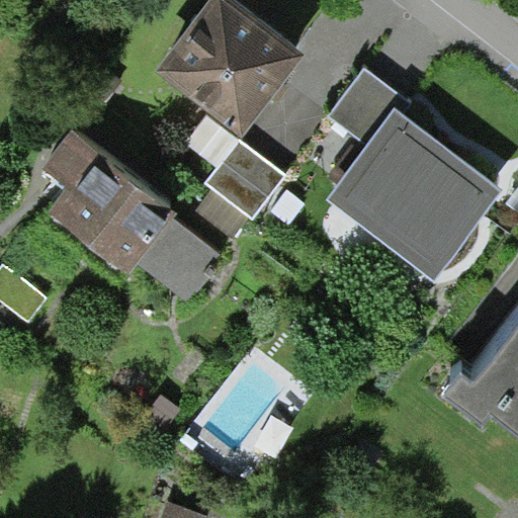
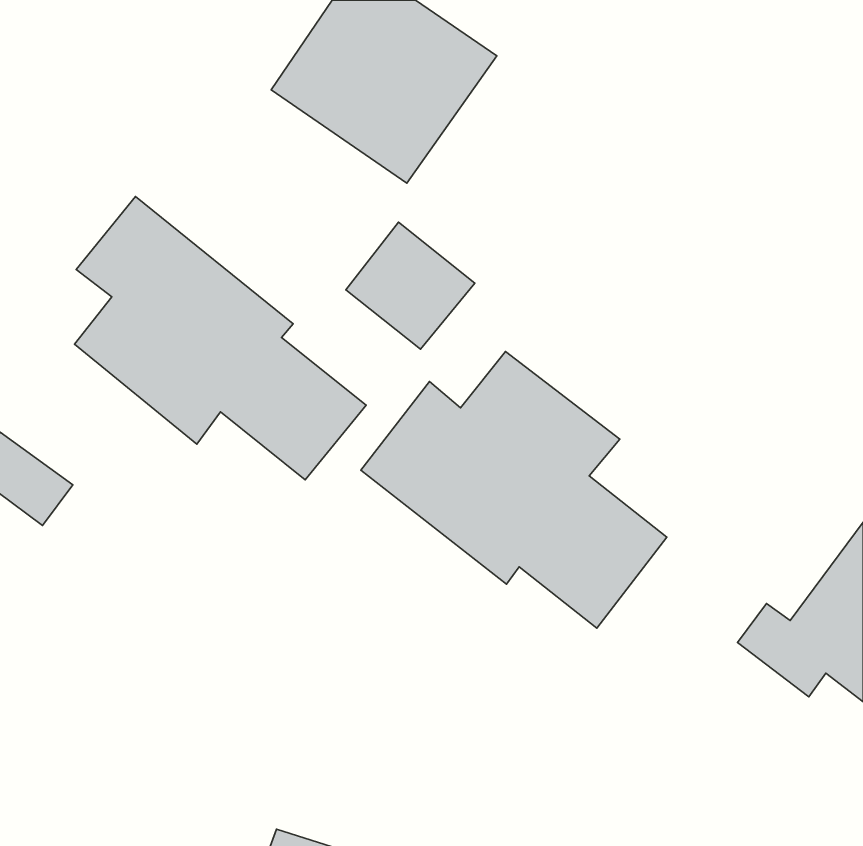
building: [330,70,500,273] -> none
building: none -> [361,352,667,628]

